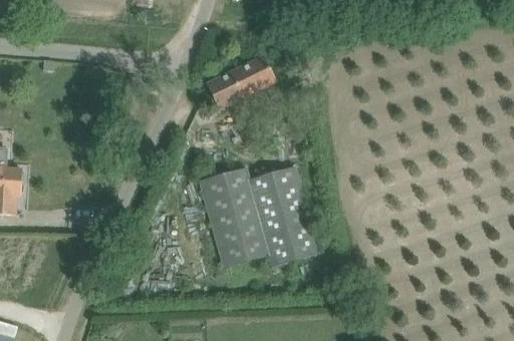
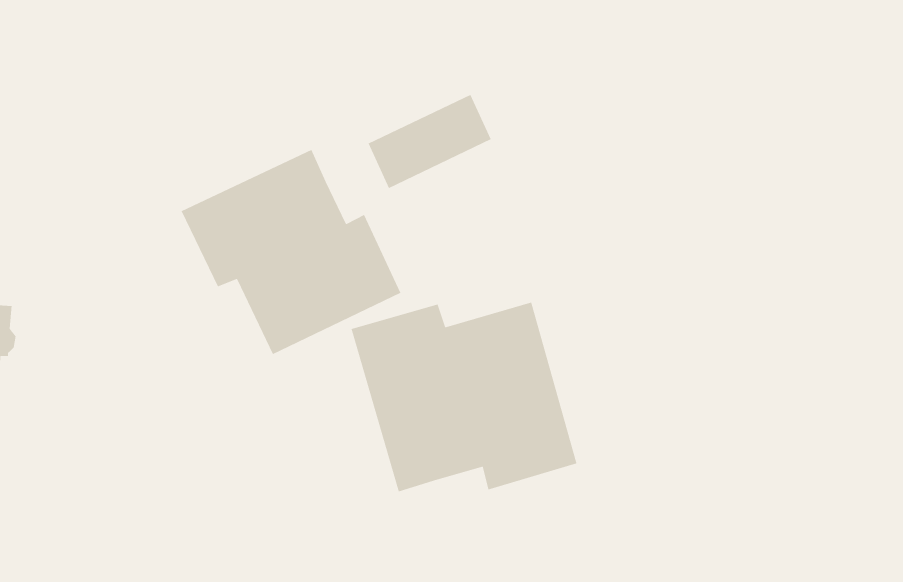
building: none -> [181,149,401,355]

